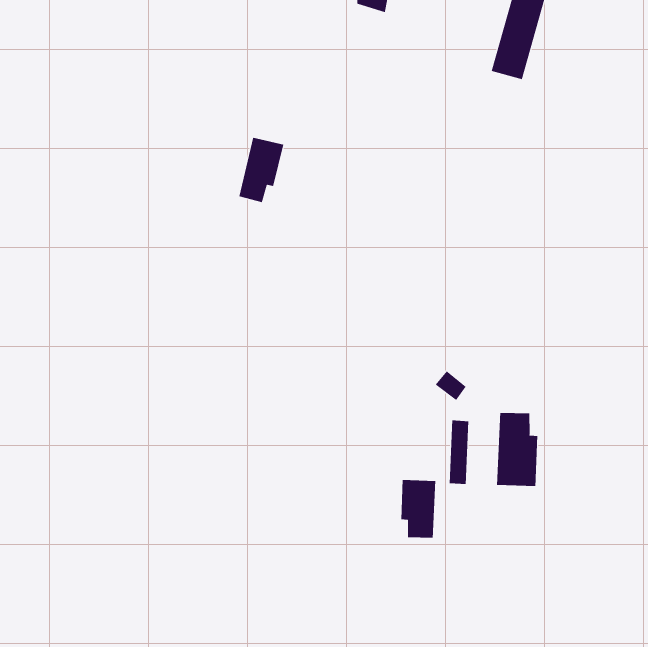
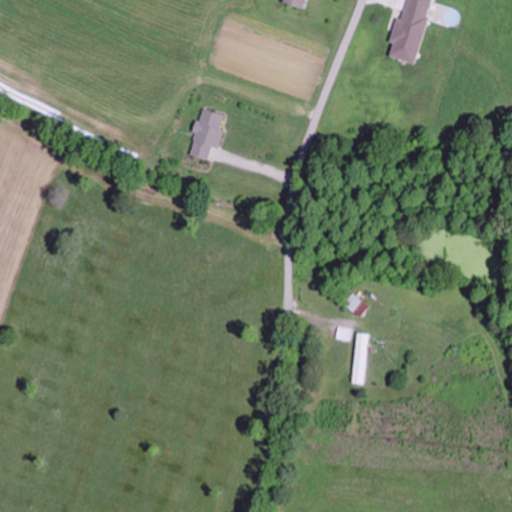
building: [496,412,538,487] -> none
building: [401,479,436,538] -> none

